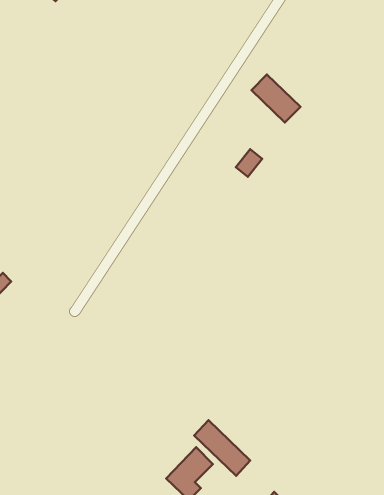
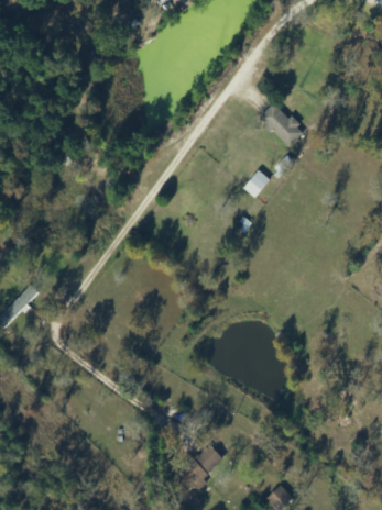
building: [194,420,250,476] -> none

